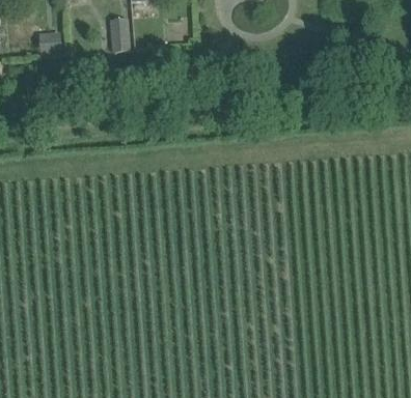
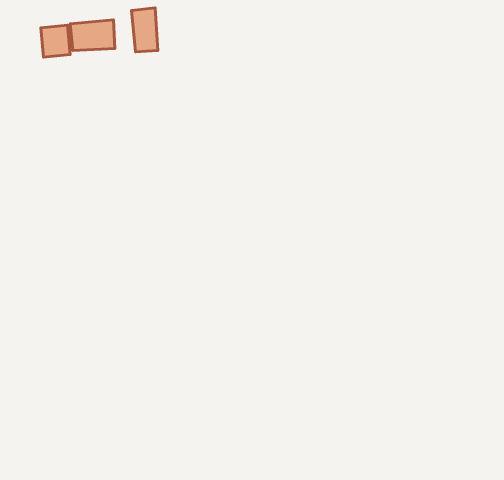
building: none -> [70,20,115,51]

